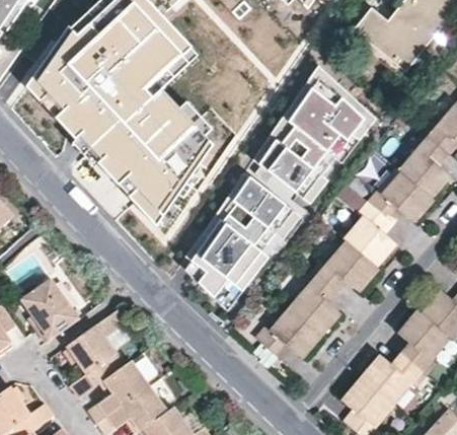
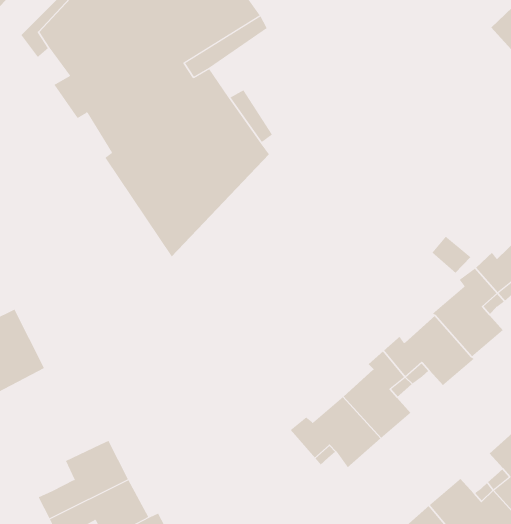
building: [253,75,377,204] -> none
building: [184,179,298,299] -> none
building: [67,325,126,398] -> none

